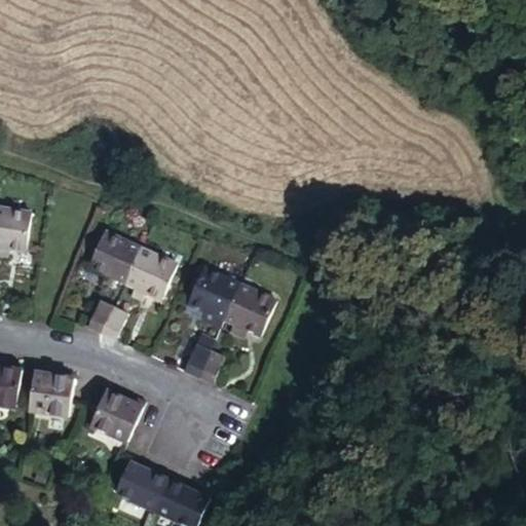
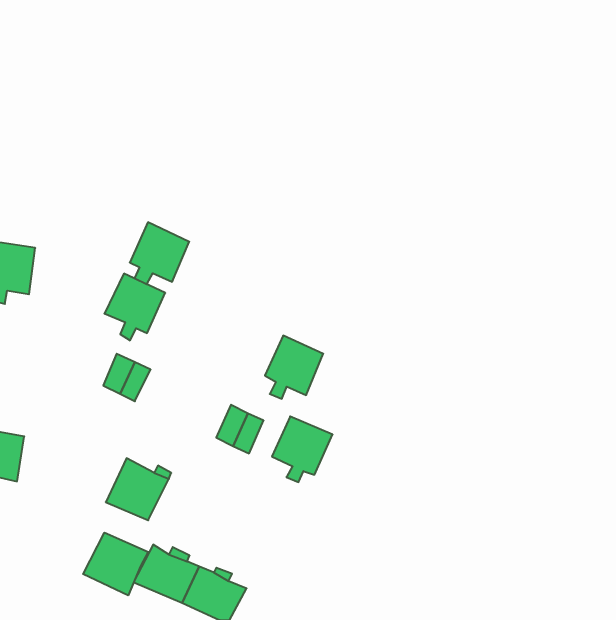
building: [124,248,175,300] -> [130,222,189,284]
building: [188,268,239,324] -> [272,416,333,482]
building: [28,371,74,415] -> none
building: none -> [83,533,148,595]

